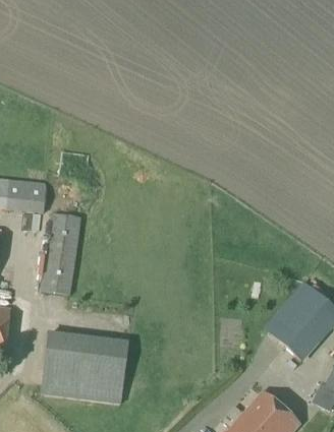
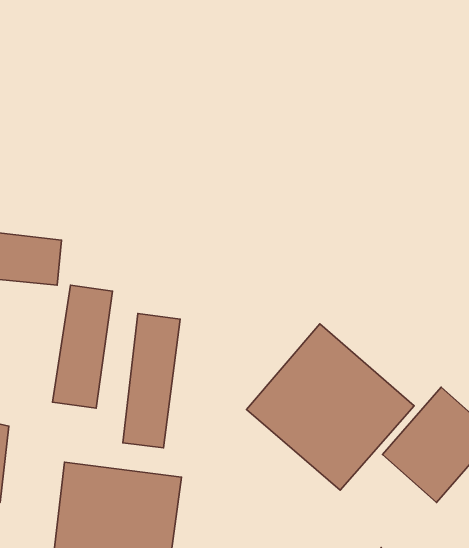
building: none -> [123,314,180,448]
building: none -> [247,324,414,490]

